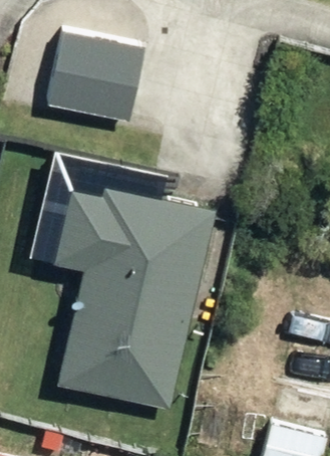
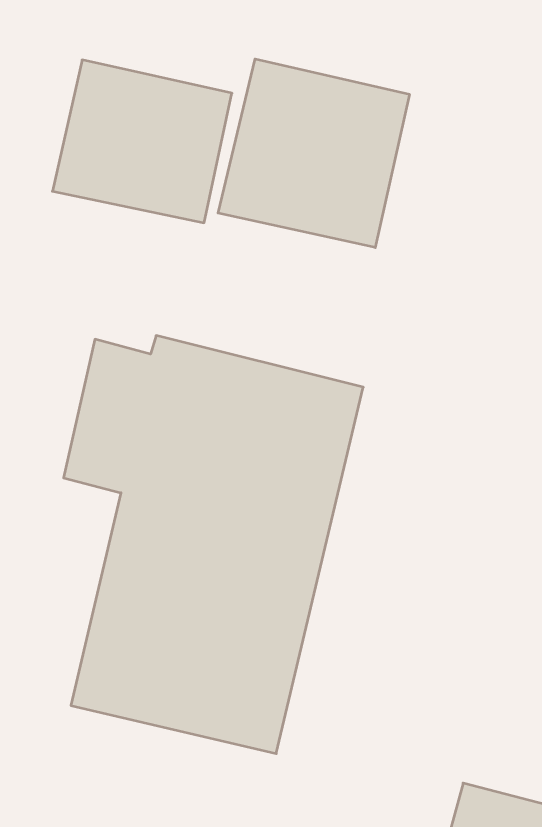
building: none -> [218,59,409,248]

